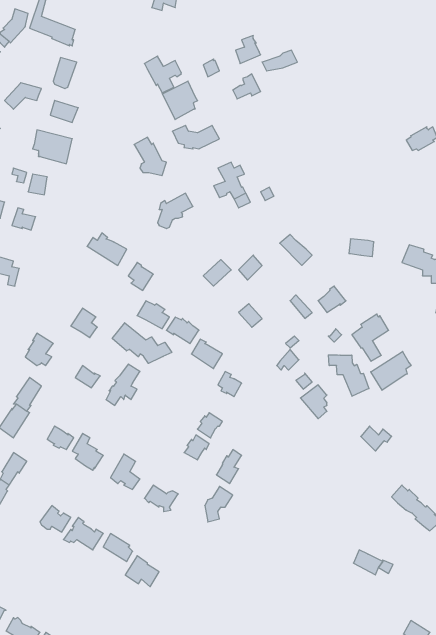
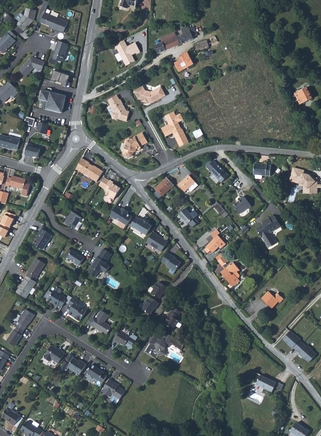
building: [162,81,198,120] -> none
building: [112,323,172,363] -> none
building: [371,351,411,390] -> none
building: [328,355,369,396] -> none

